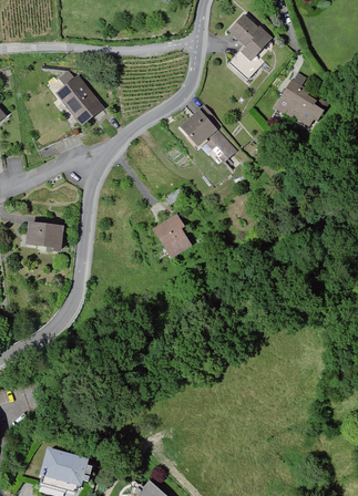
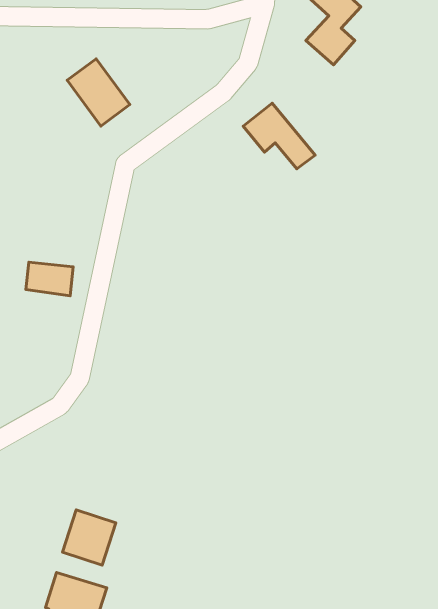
building: [277,81,316,120] -> none
building: [154,215,190,256] -> none
building: none -> [62,510,116,565]

